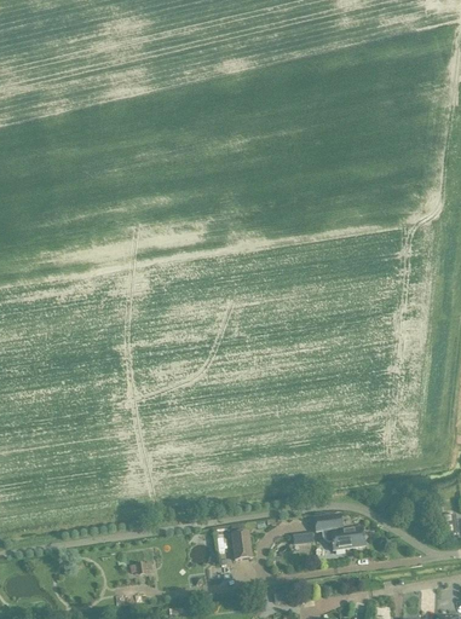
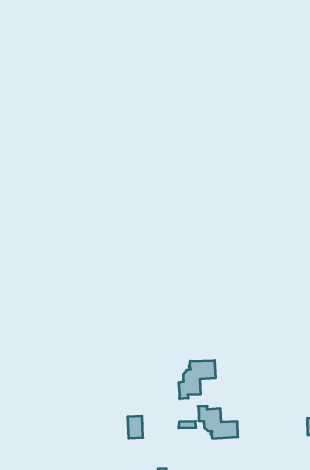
building: none -> [179,360,215,399]

